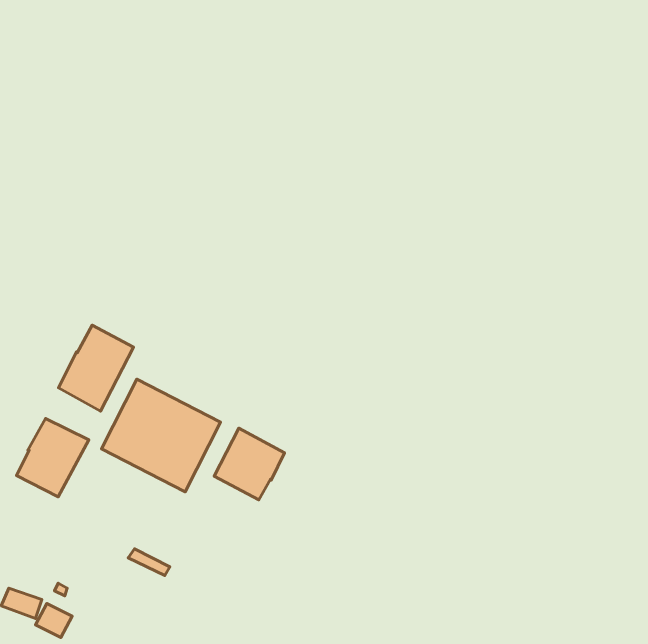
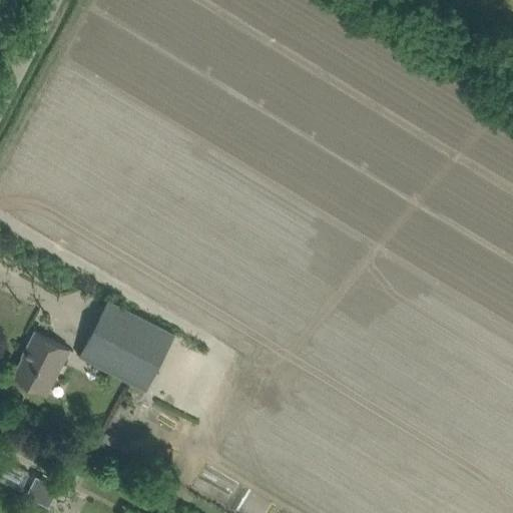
building: [59,325,134,411] -> none
building: [214,428,284,500] -> none

